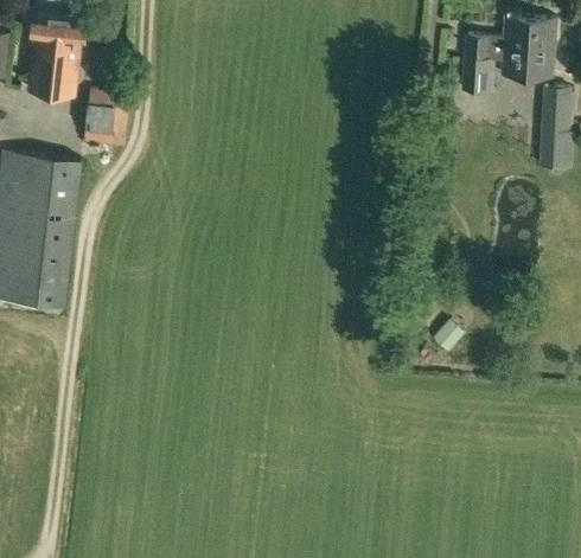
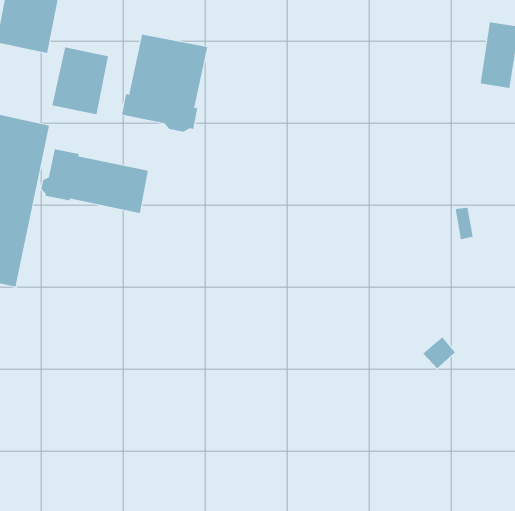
building: none -> [121,34,208,132]
building: none -> [41,149,148,214]

